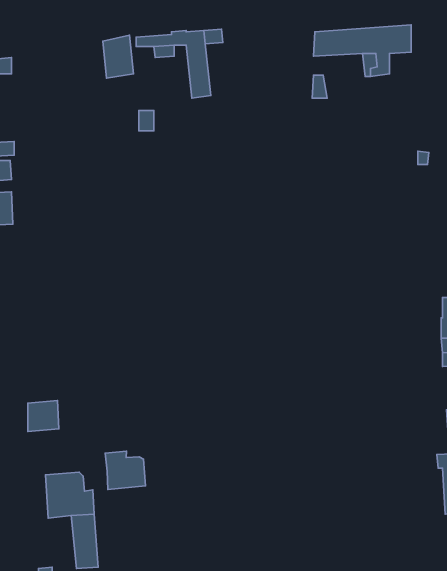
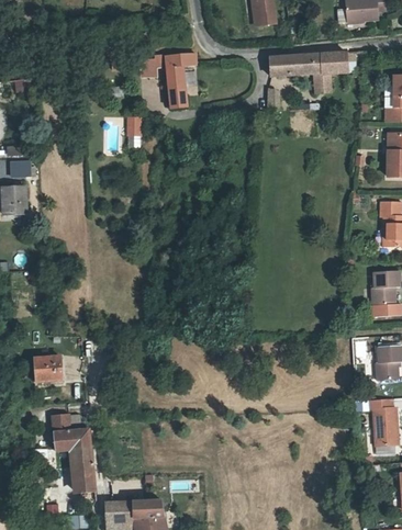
building: [103,35,134,78] -> none
building: [105,451,145,489] -> none

